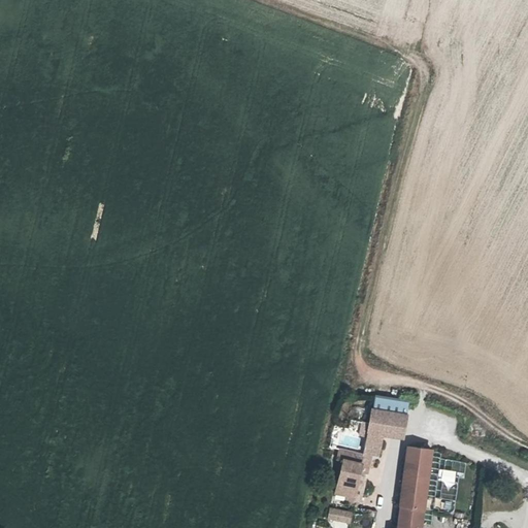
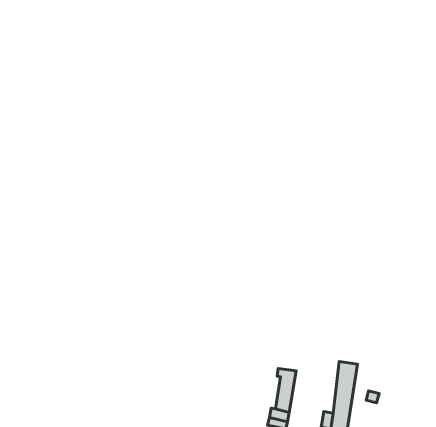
building: [361,408,406,457] -> none

